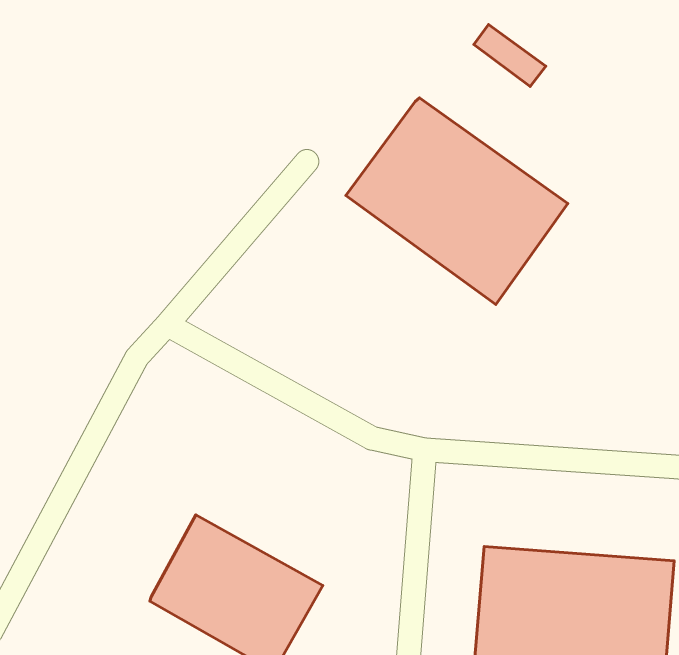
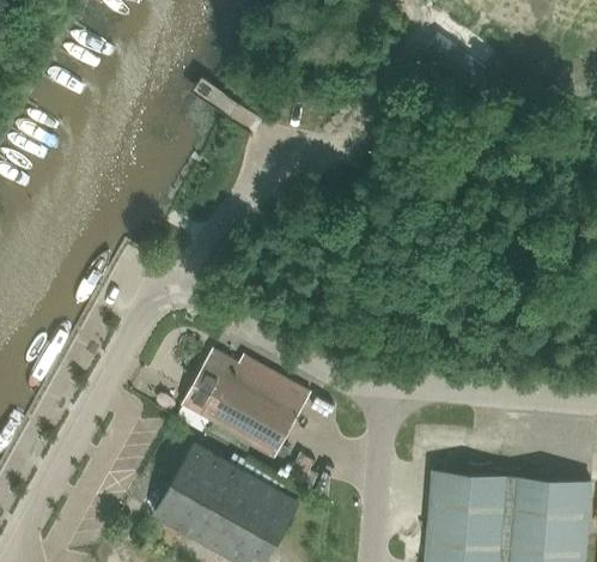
building: [346,98,568,304] -> none
building: none -> [176,349,306,454]

